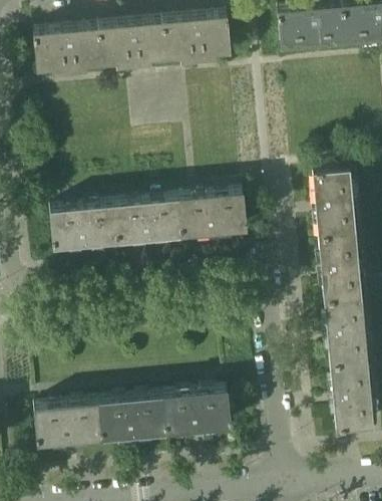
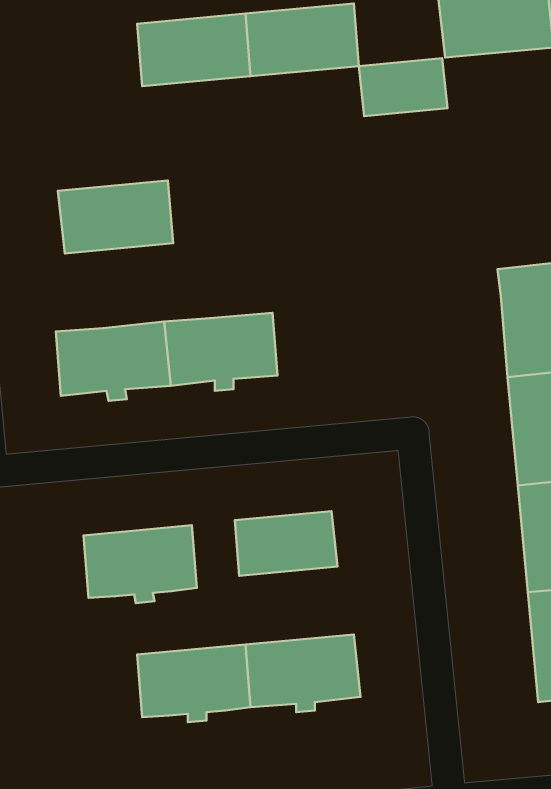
building: [34,27,102,70] -> [58,181,173,253]
building: none -> [359,58,448,116]
building: [179,193,248,239] -> none
building: none -> [235,511,337,576]
building: [35,402,102,448] -> [83,525,197,603]

